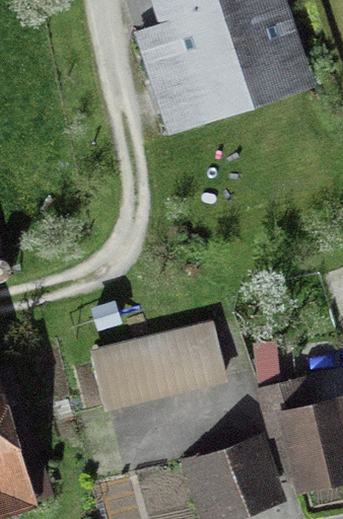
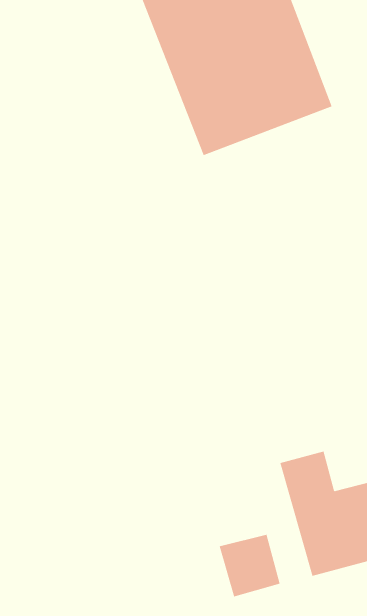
building: [100,325,227,404] -> none

